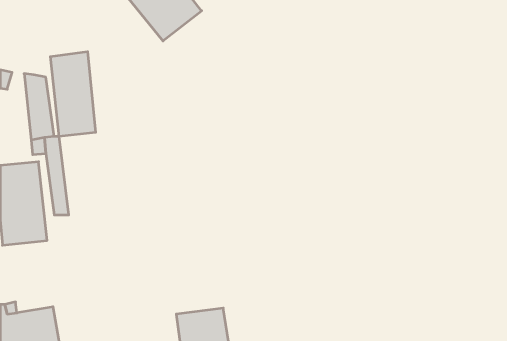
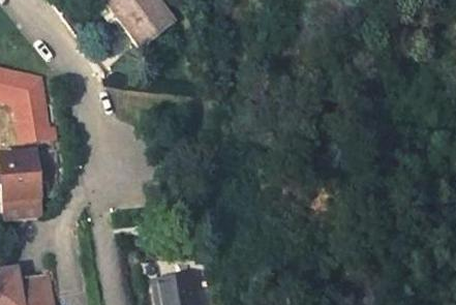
building: [50,52,96,136] -> none

